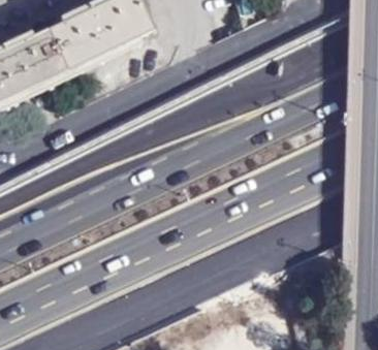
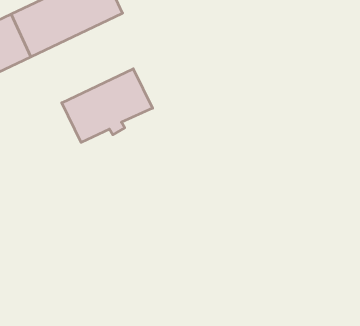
building: none -> [62,69,153,142]

